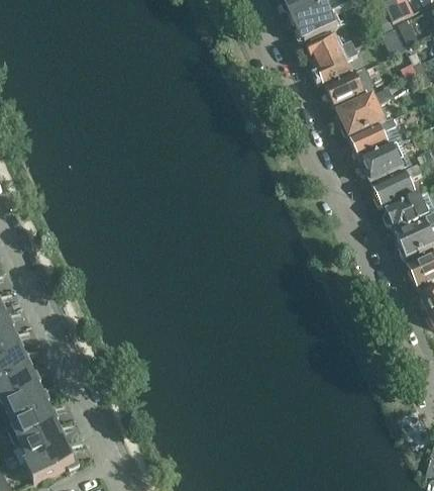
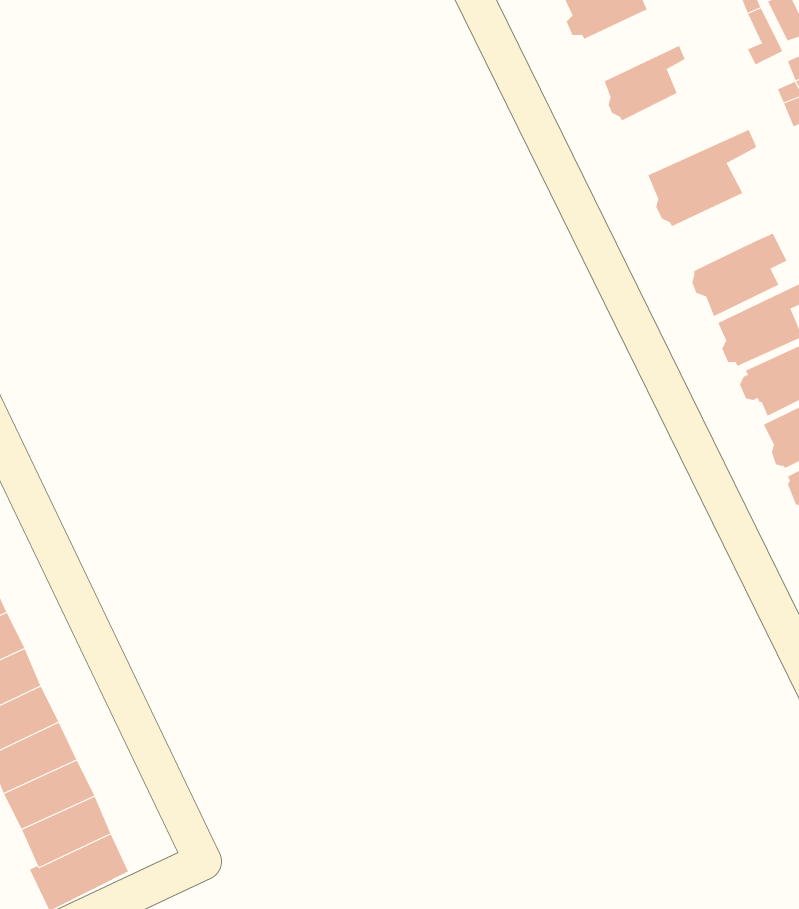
building: [305,30,353,62] -> none
building: [325,71,374,106] -> none
building: [349,115,396,158] -> none

